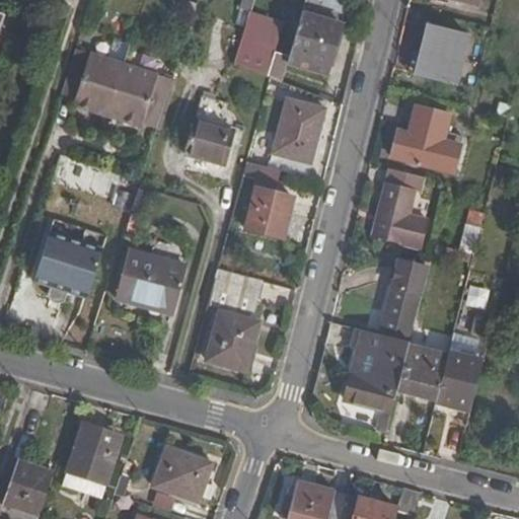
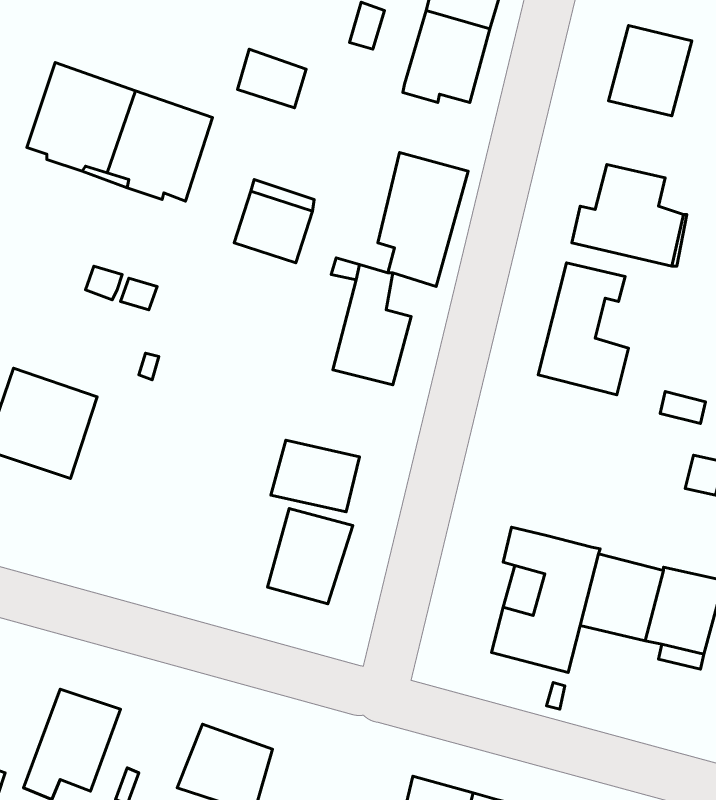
building: [233,43,275,78] -> [238,49,306,108]
building: [118,249,182,307] -> none
building: [376,260,423,339] -> none

